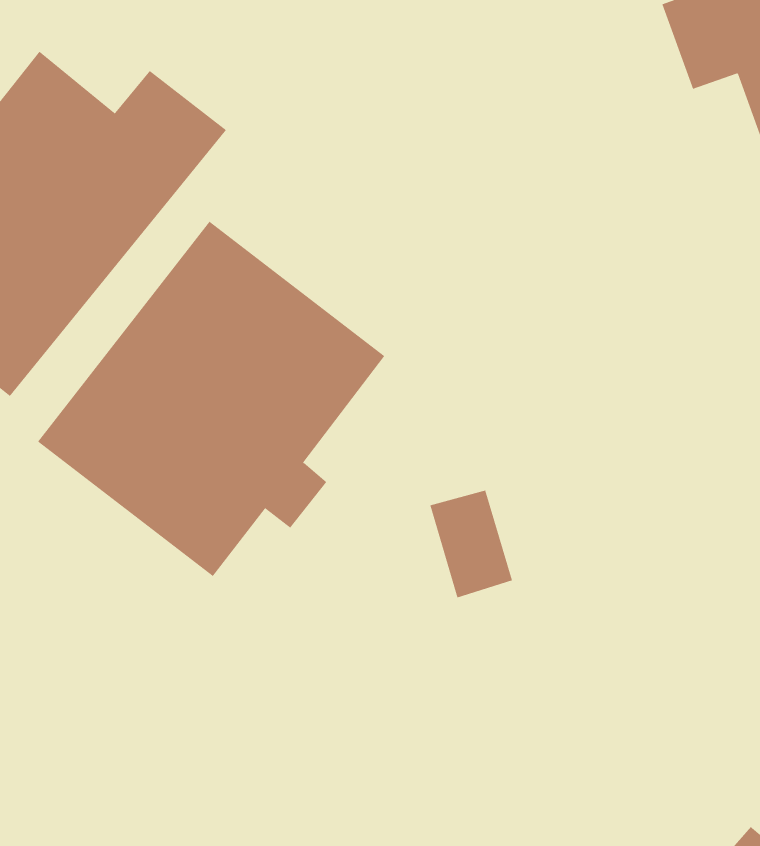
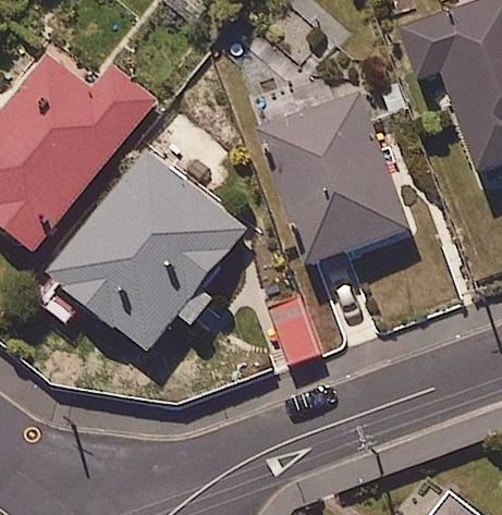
building: none -> [261,89,407,261]

